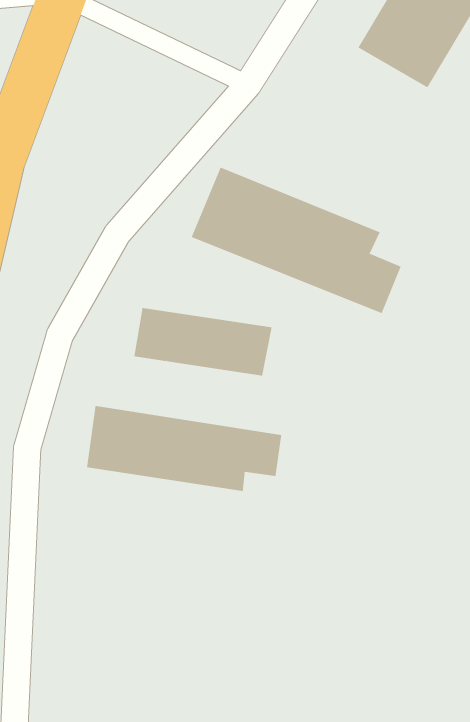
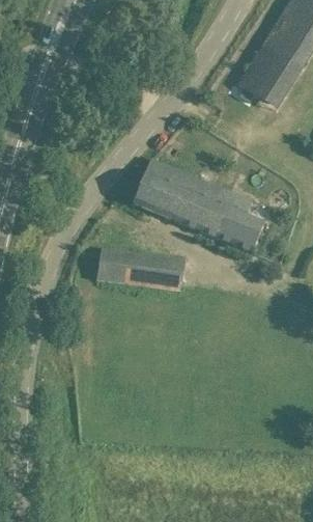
building: [86,405,282,492] -> none

